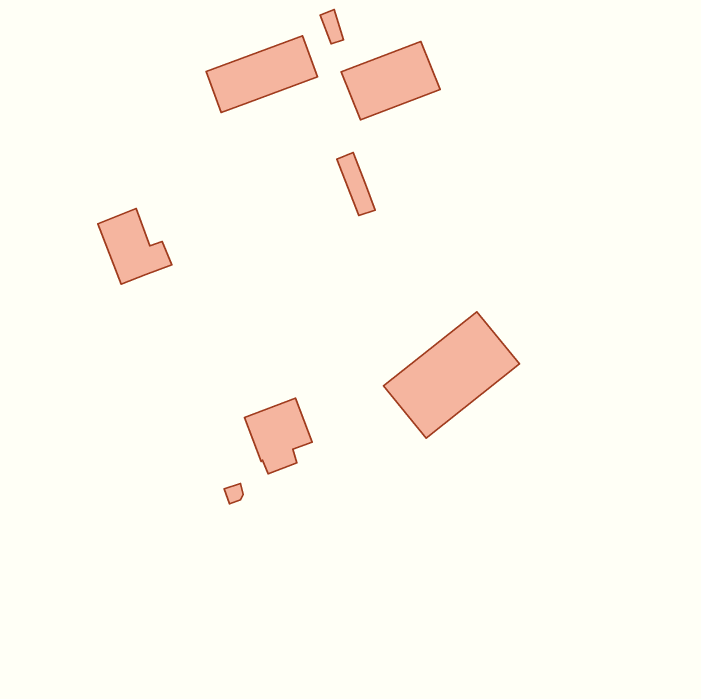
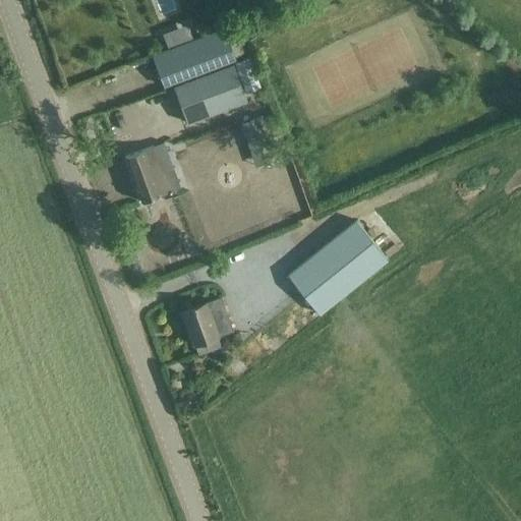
building: [341,41,440,120] -> [172,62,245,120]
building: [98,209,172,284] -> [124,143,179,199]

